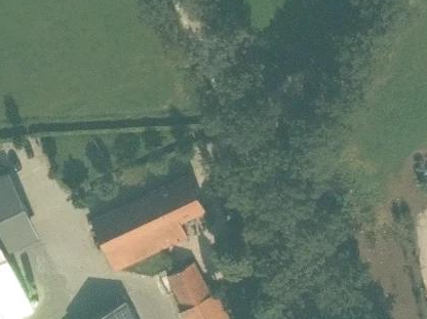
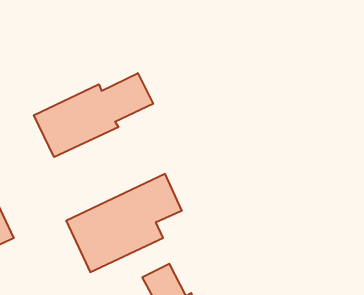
building: none -> [34,73,153,157]

